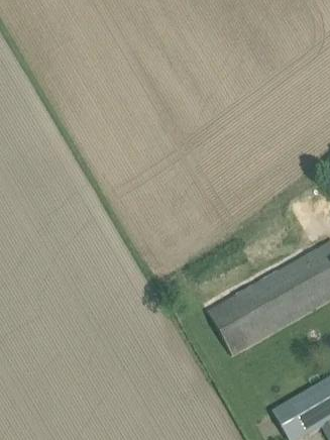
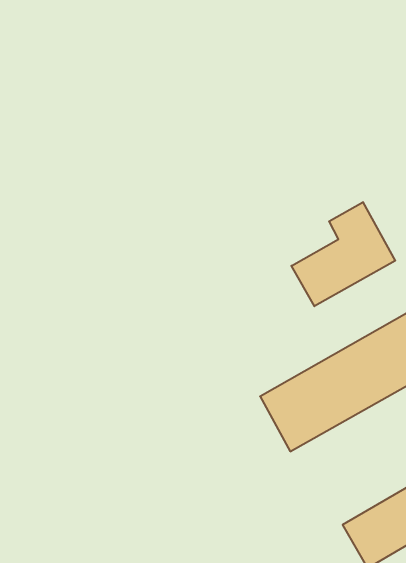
building: none -> [291,202,395,306]

